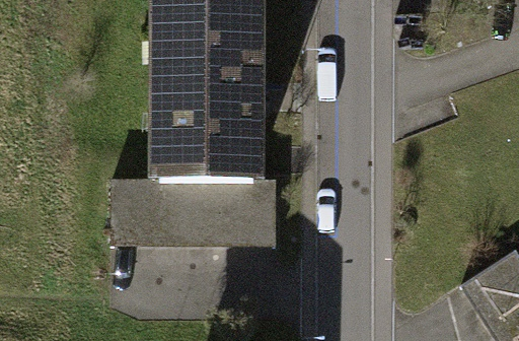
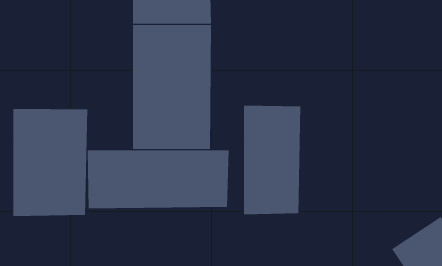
building: none -> [244,105,301,215]
building: none -> [13,108,88,217]

